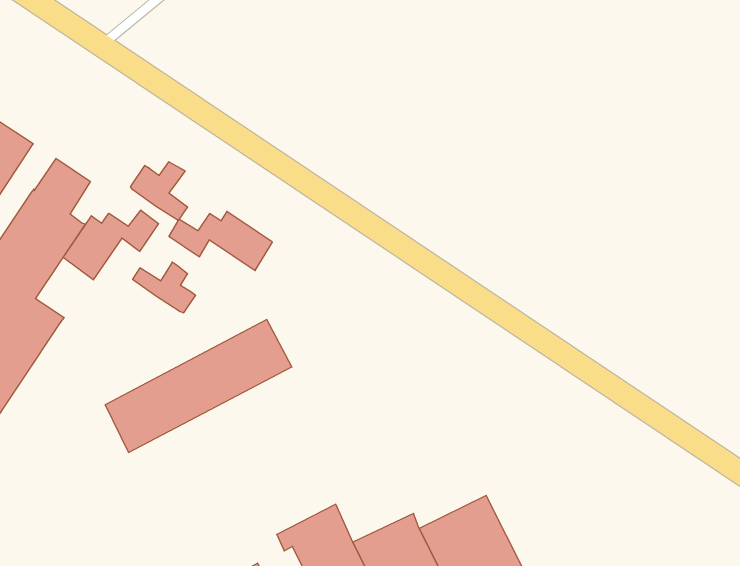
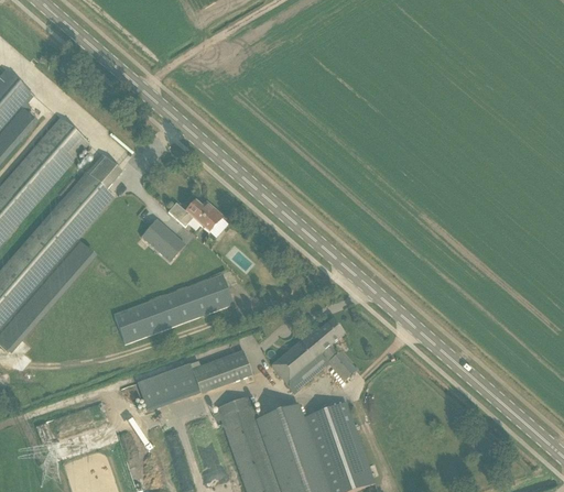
building: [131,162,188,221] -> none
building: [63,210,159,280] -> none
building: none -> [269,318,356,392]
building: none -> [140,349,251,411]

